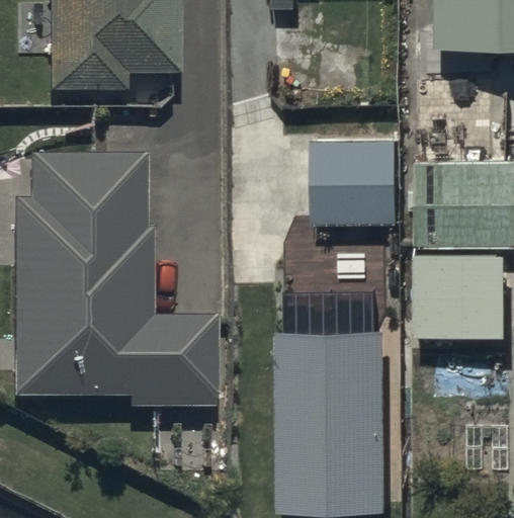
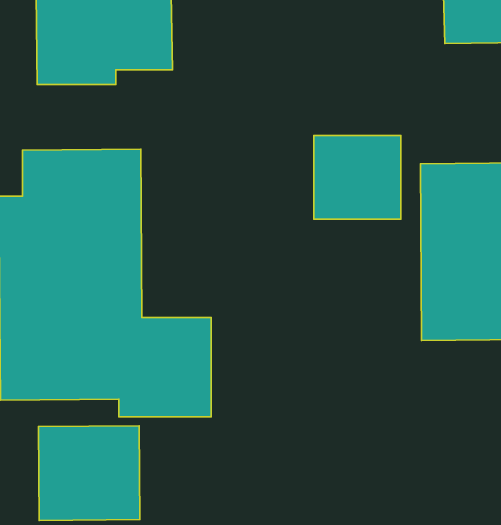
building: [280,332,384,508] -> none
building: none -> [39,426,140,520]

